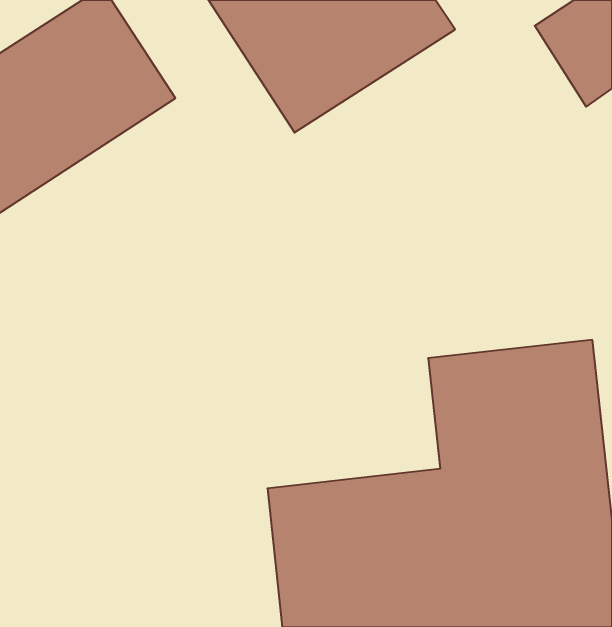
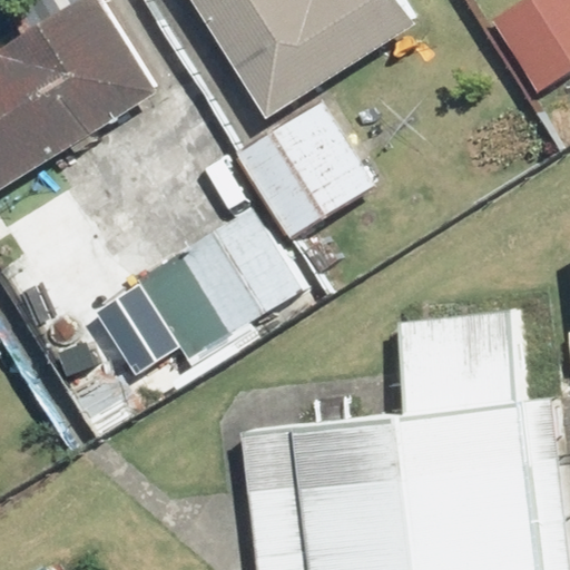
building: none -> [238,102,375,242]
building: none -> [134,208,299,361]

